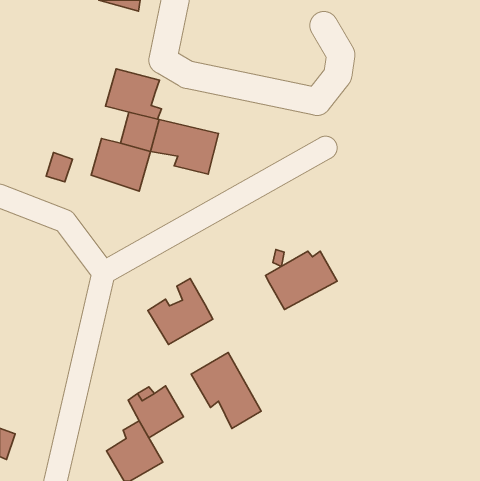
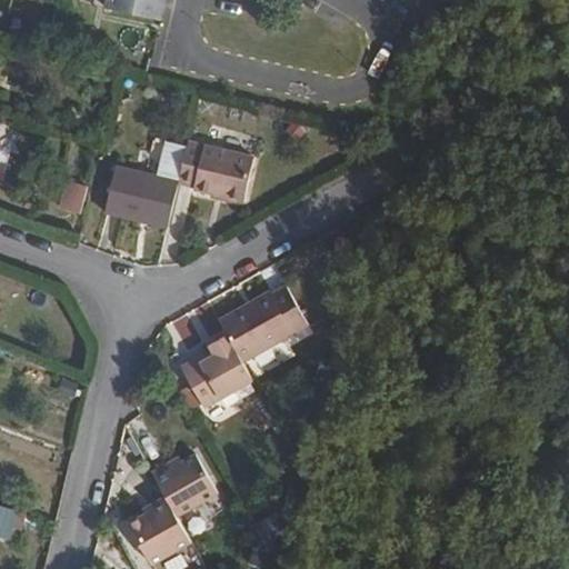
building: [106,69,162,119] -> none
building: [266,251,337,309] -> [220,291,305,360]
building: [191,352,261,428] -> none

